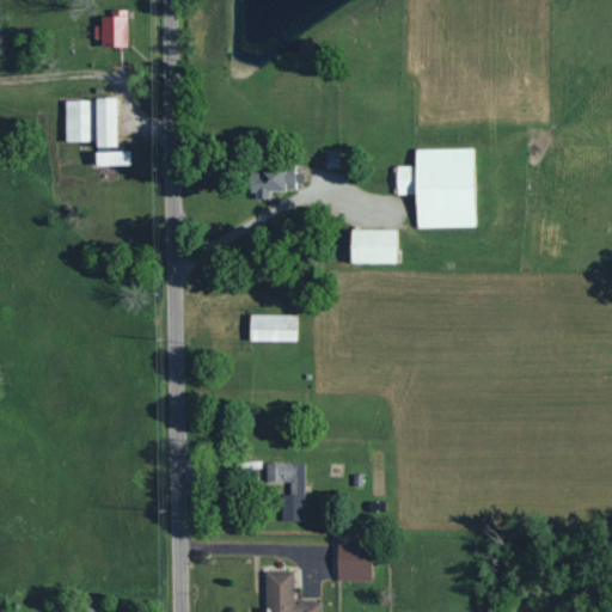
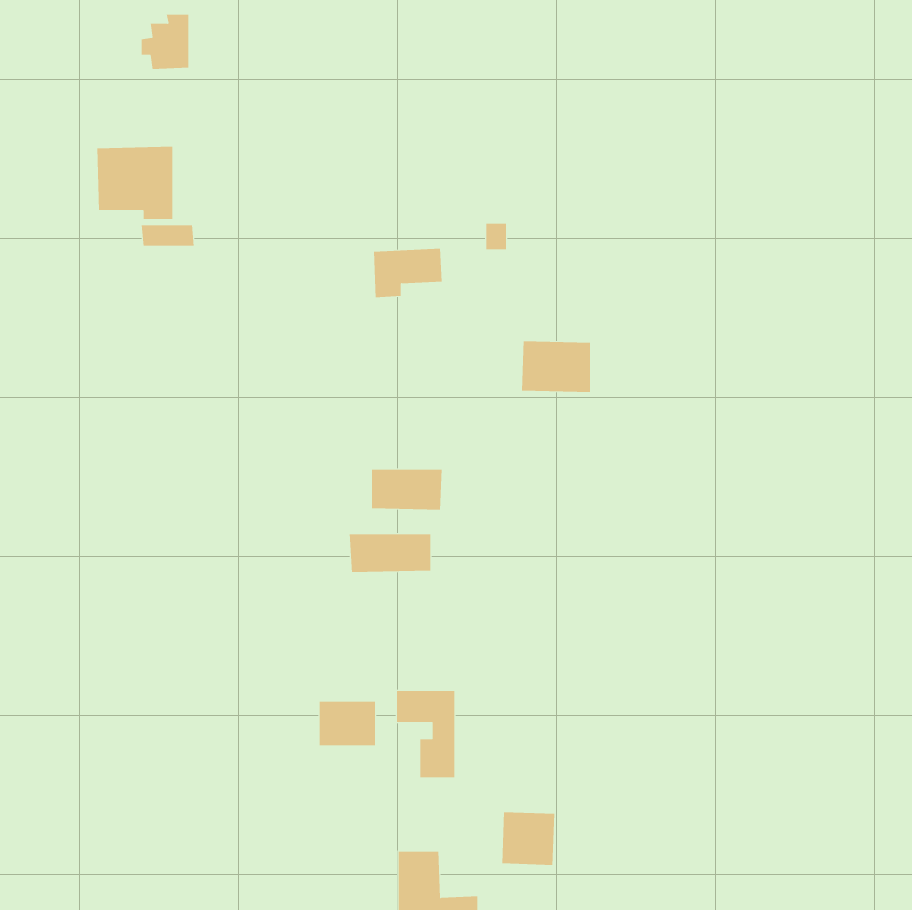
building: [396,149,473,228] -> none
building: none -> [349,533,431,573]
building: none -> [319,701,376,746]

